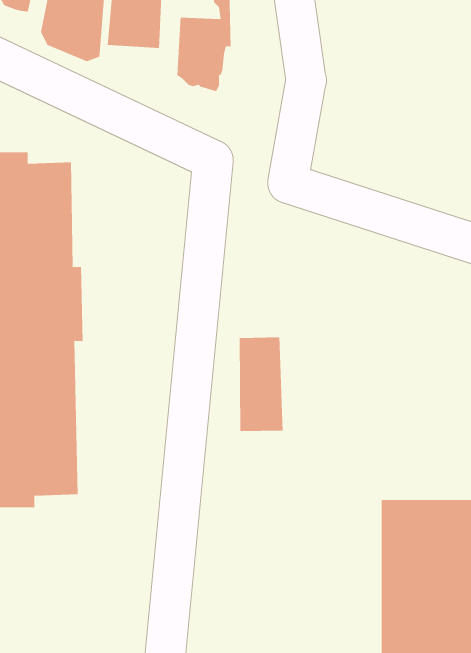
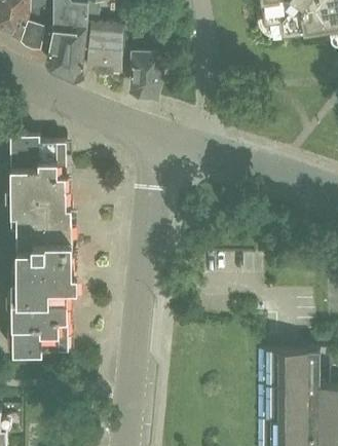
building: [239,336,283,432] -> none

